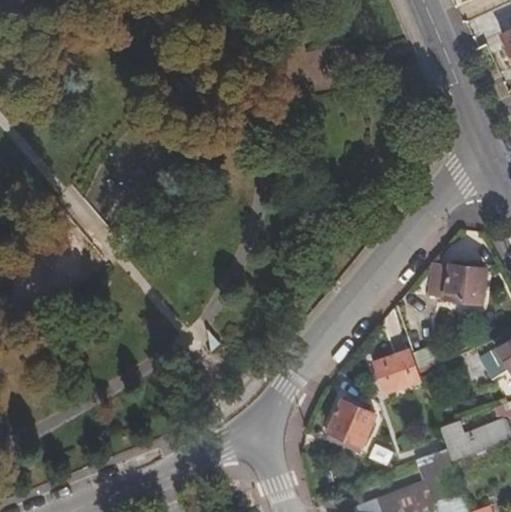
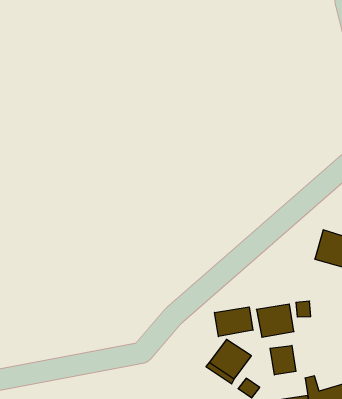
building: none -> [215,307,253,337]
building: none -> [270,345,296,375]

